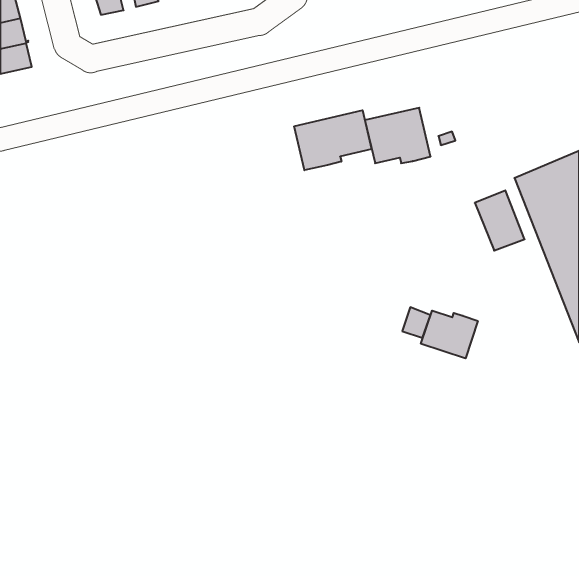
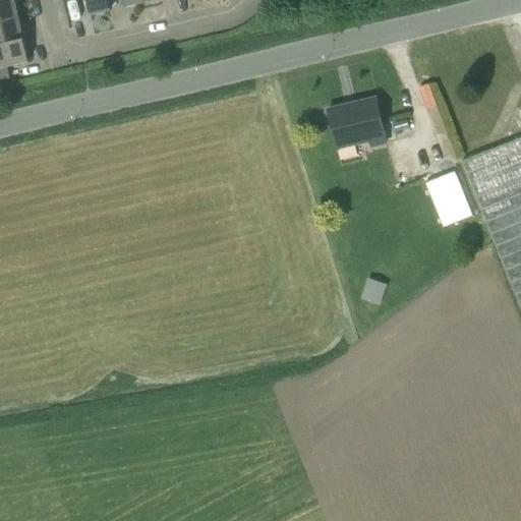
building: [294,110,371,170] -> none
building: [421,311,478,358] -> none

